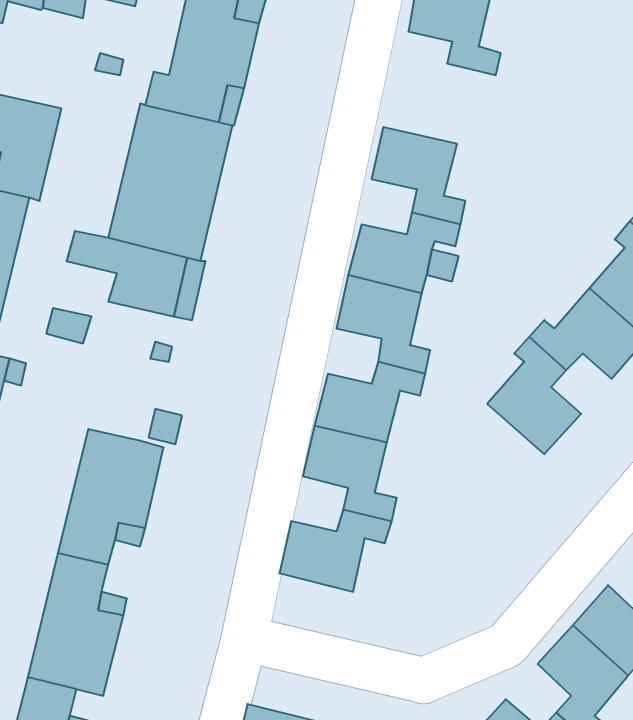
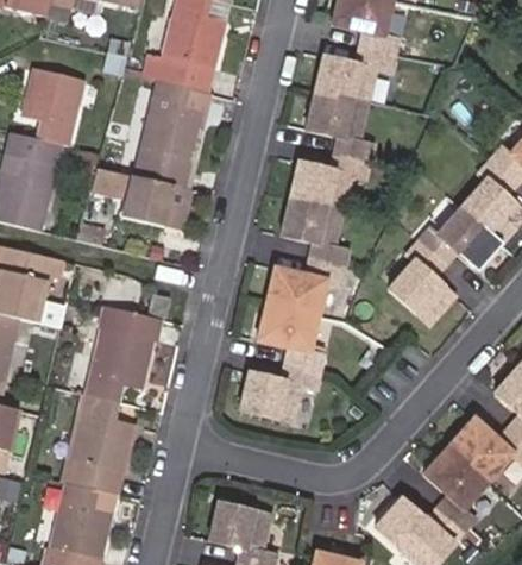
building: none -> [314,48,394,105]

